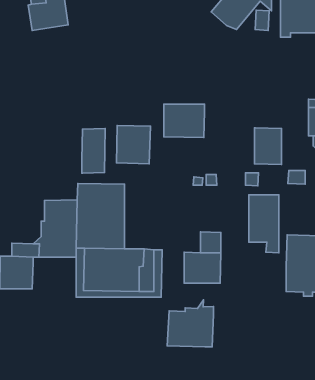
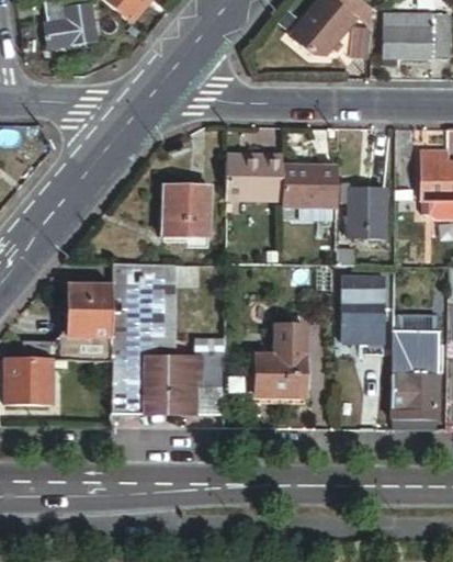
building: none -> [281,165,337,221]
building: [82,128,105,173] -> none
building: [167,300,214,347] -> none

